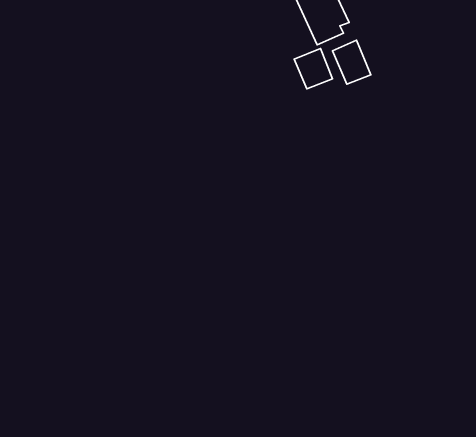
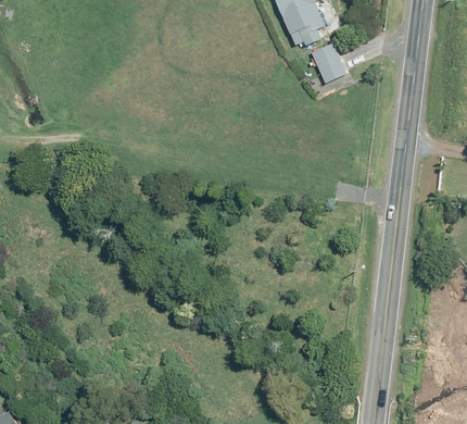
building: [294,48,332,89] -> none

